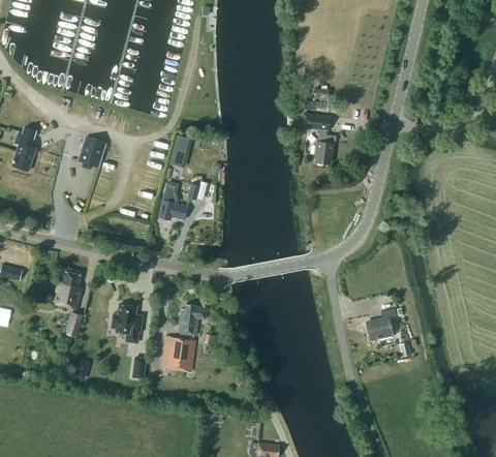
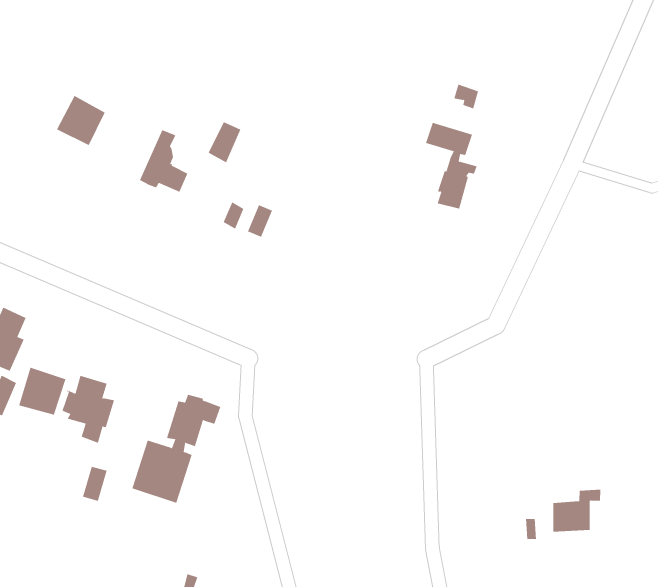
building: [159,182,188,218] -> [139,129,188,192]
building: none -> [19,367,66,415]
building: [367,308,396,339] -> [553,489,601,532]

